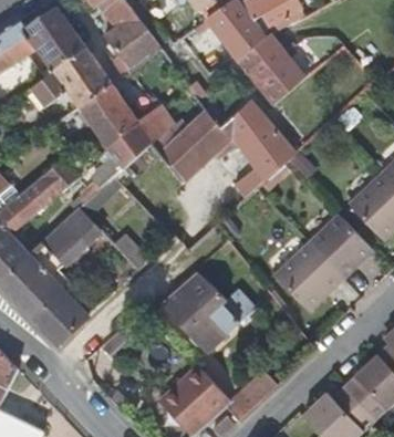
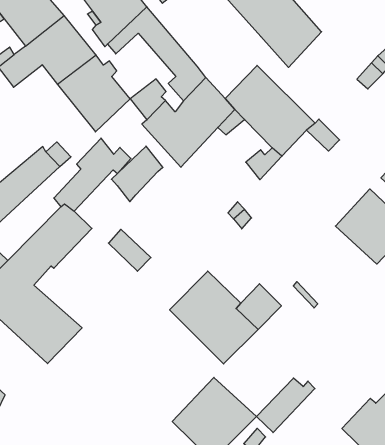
building: [108,124,153,170] -> [111,146,163,202]
building: [273,242,341,310] -> none

